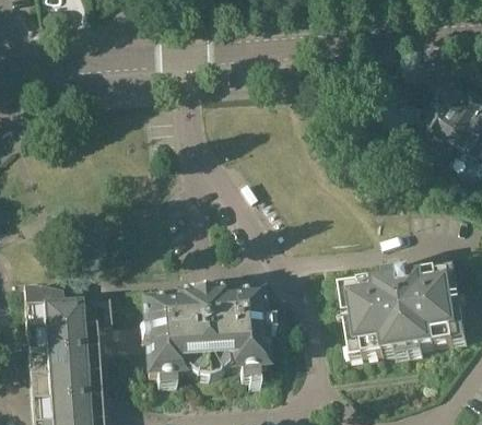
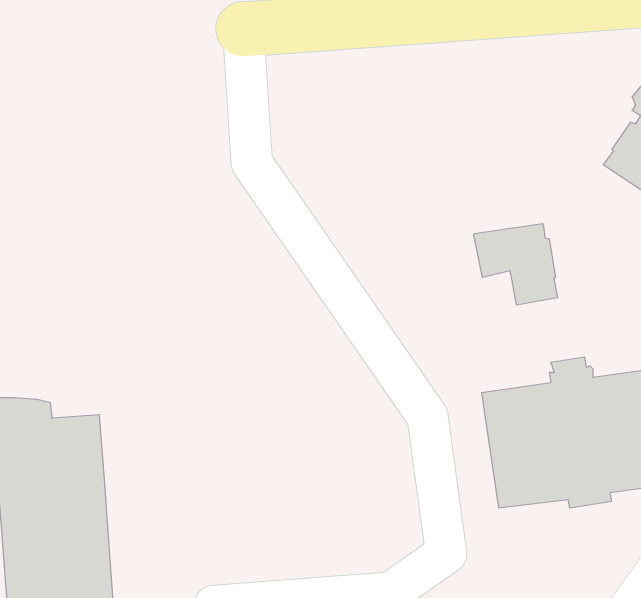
building: none -> [474,223,558,305]
building: [141,285,271,383] -> none

